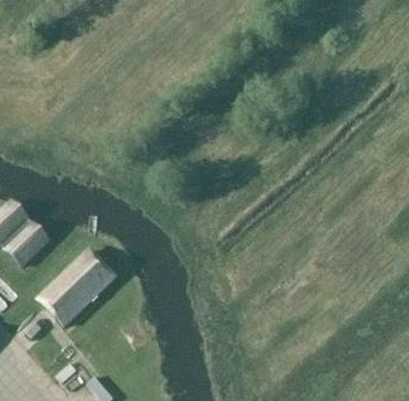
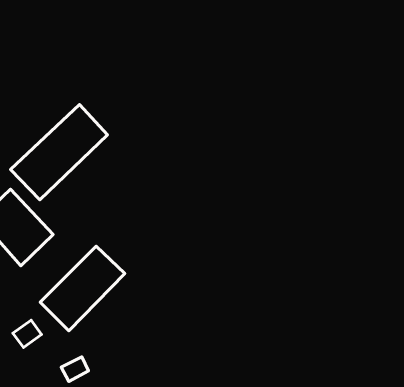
building: none -> [10,105,107,200]

